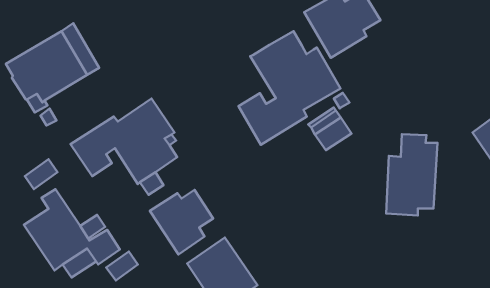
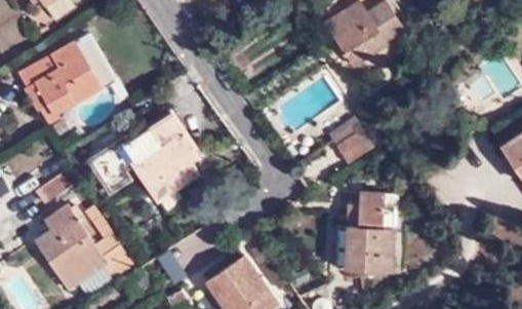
building: [239,31,340,145] -> none
building: [386,134,438,215] -> [344,193,397,277]
building: [150,190,213,254] -> none

